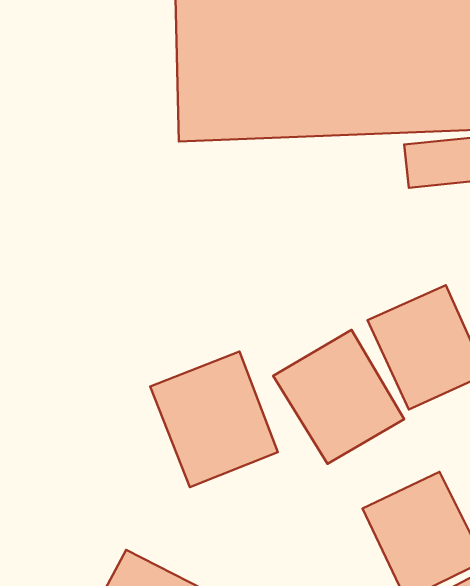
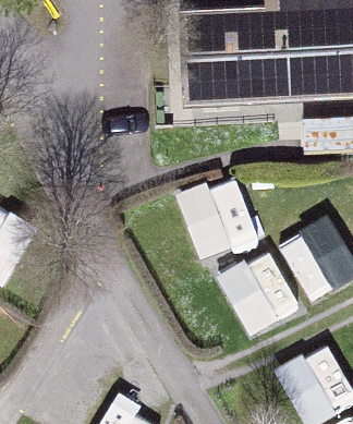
building: [150,352,278,487] -> [175,170,263,263]

